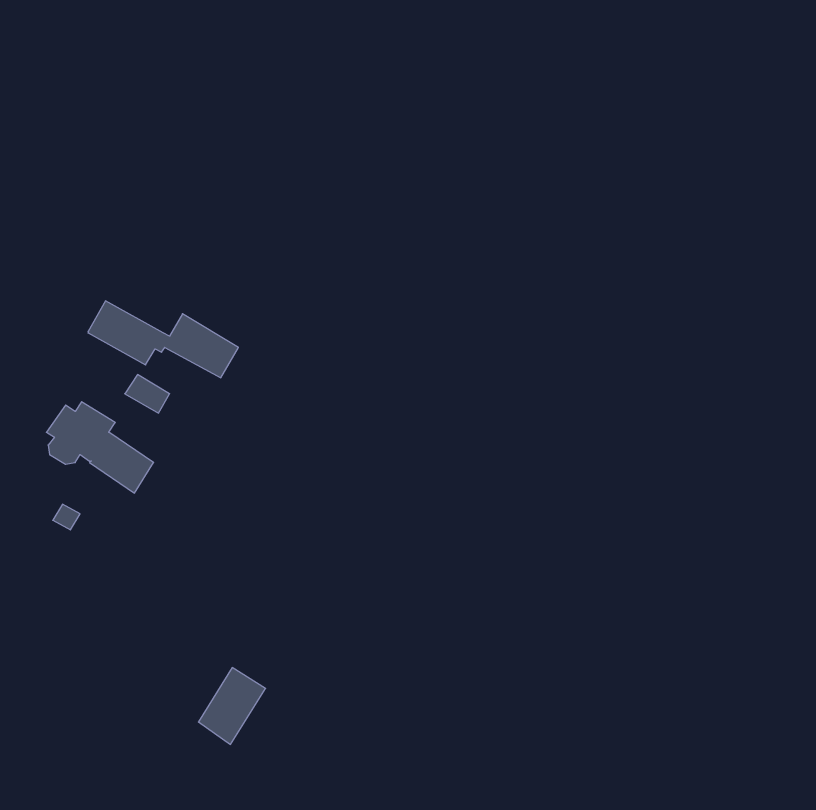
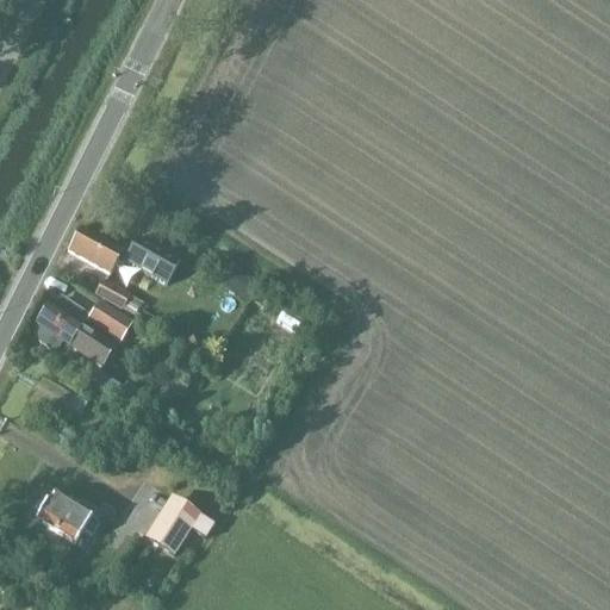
building: none -> [85,298,133,341]
building: none -> [35,490,99,542]

